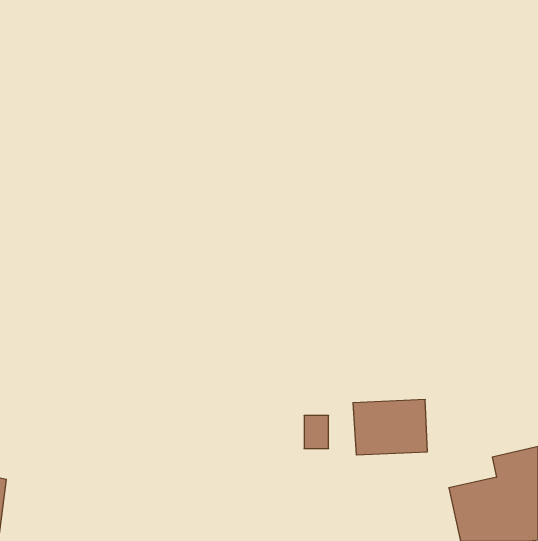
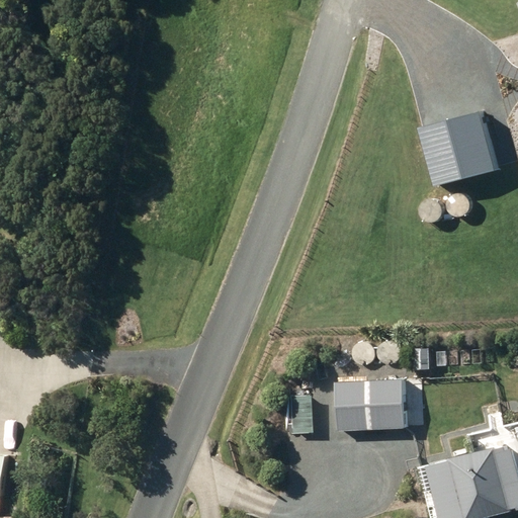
building: none -> [418,115,495,181]

